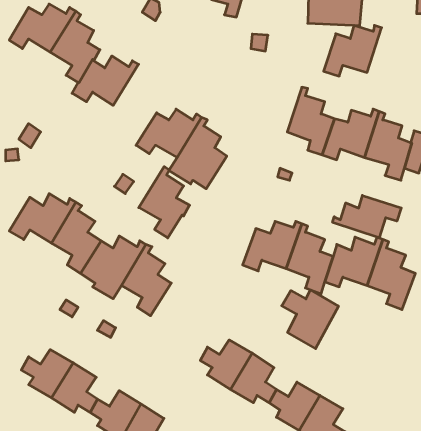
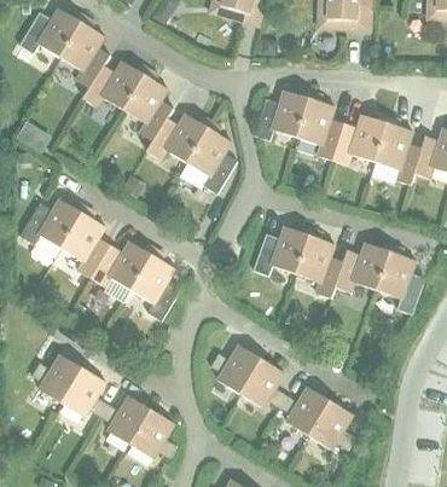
building: [324,25,382,76] -> [255,89,313,140]
building: [139,167,190,238] -> [124,69,175,140]
building: [333,195,401,238] -> none
building: [282,290,338,349] -> none

